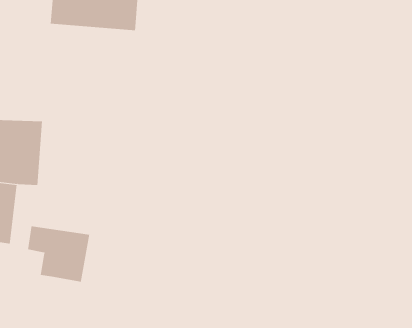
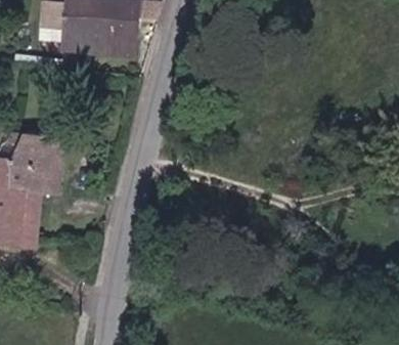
building: [28,225,90,283] -> none

